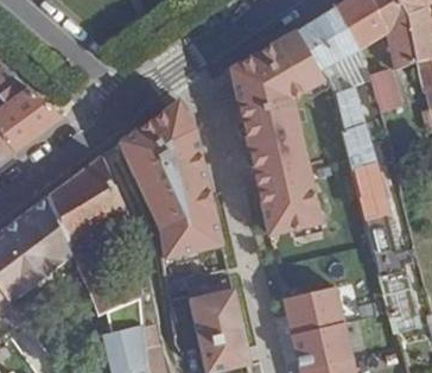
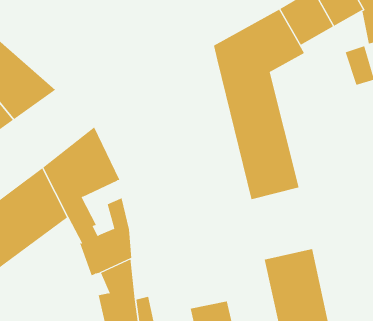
building: [333,88,393,270] -> none
building: [120,101,222,255] -> none
building: [189,290,244,350] -> none

